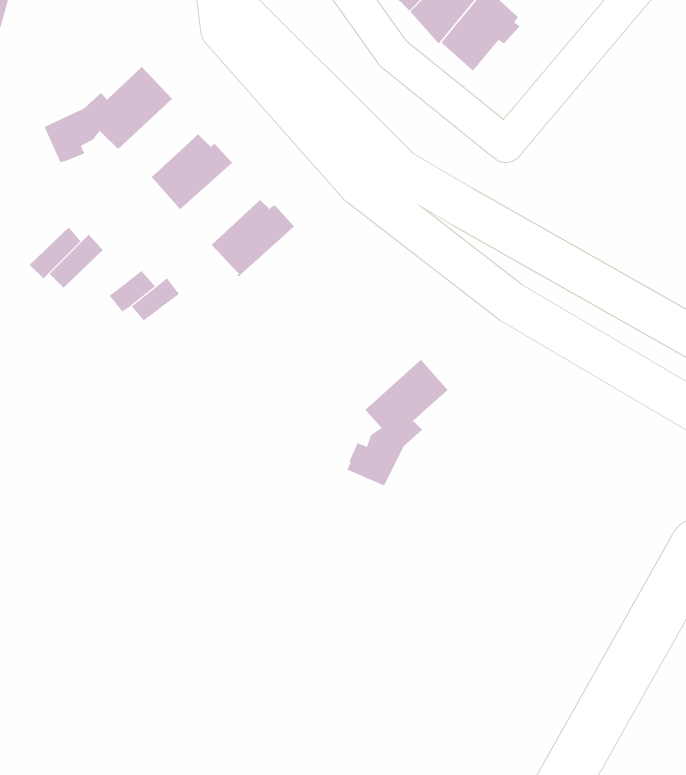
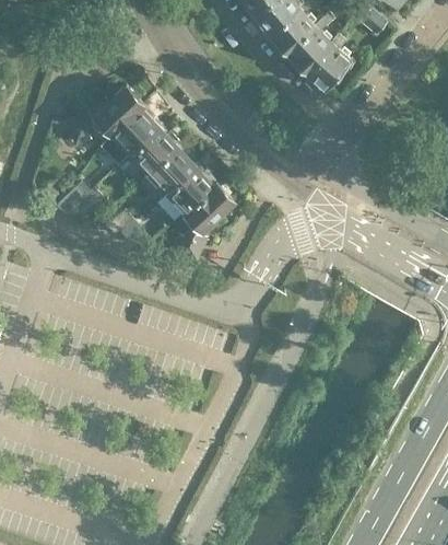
building: none -> [96,104,151,160]
building: none -> [140,142,188,192]
building: [346,359,448,486] -> [164,181,225,257]

